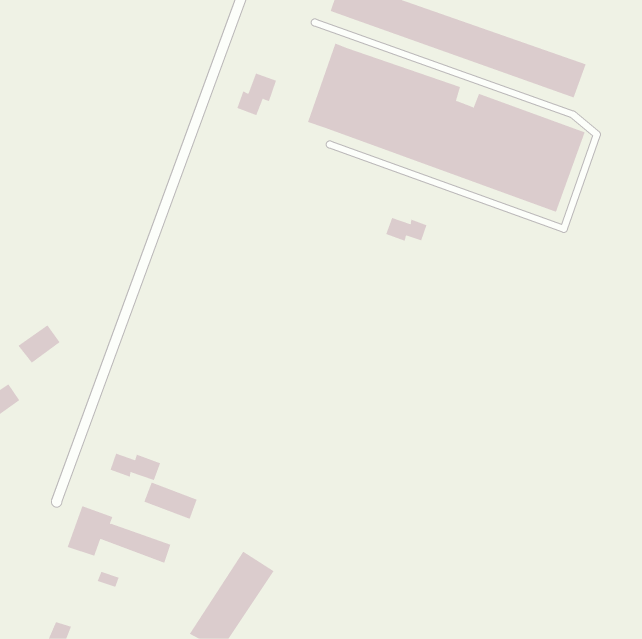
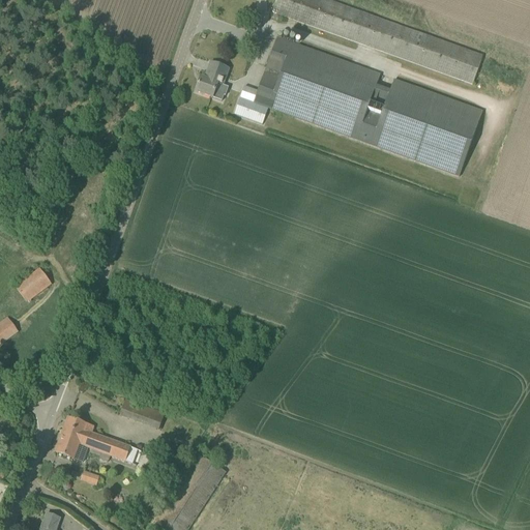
building: none -> [233,95,267,123]
building: [385,217,427,241] -> none
building: [110,453,161,481] -> none

